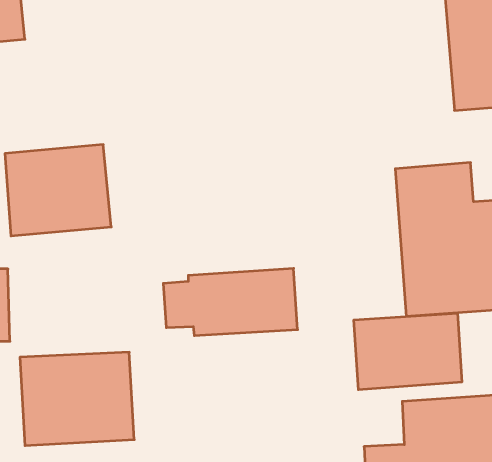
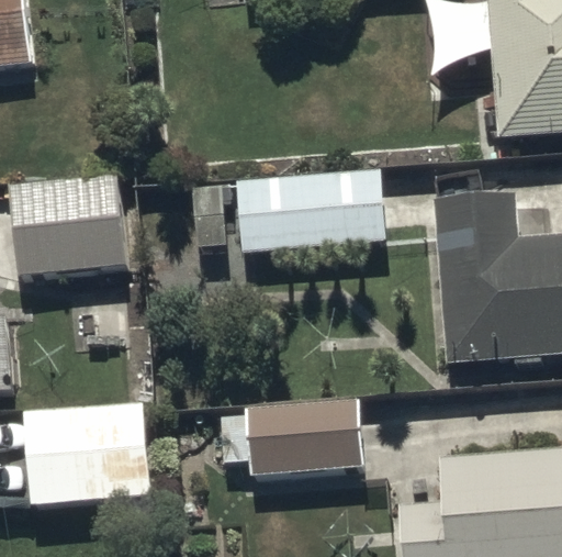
building: none -> [192,169,389,254]
building: [163,268,298,336] -> [217,400,364,474]
building: [354,313,462,390] -> none

